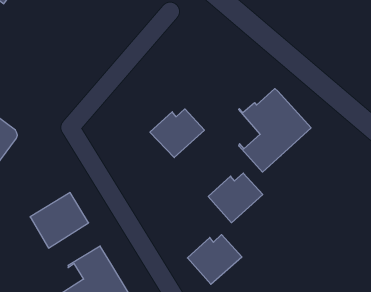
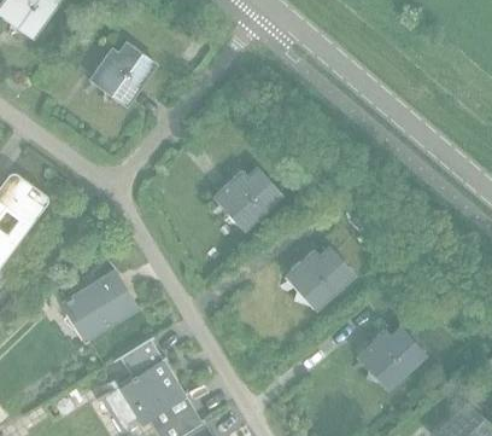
building: none -> [90,43,156,105]
building: [239,89,311,172] -> none
building: [187,235,242,284] -> [358,327,426,389]

